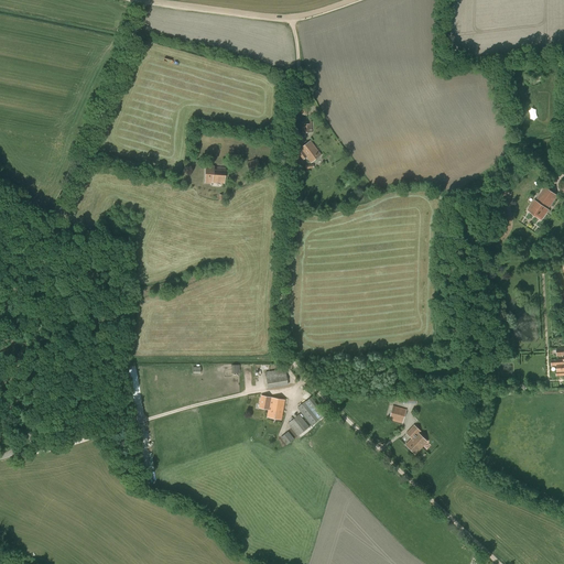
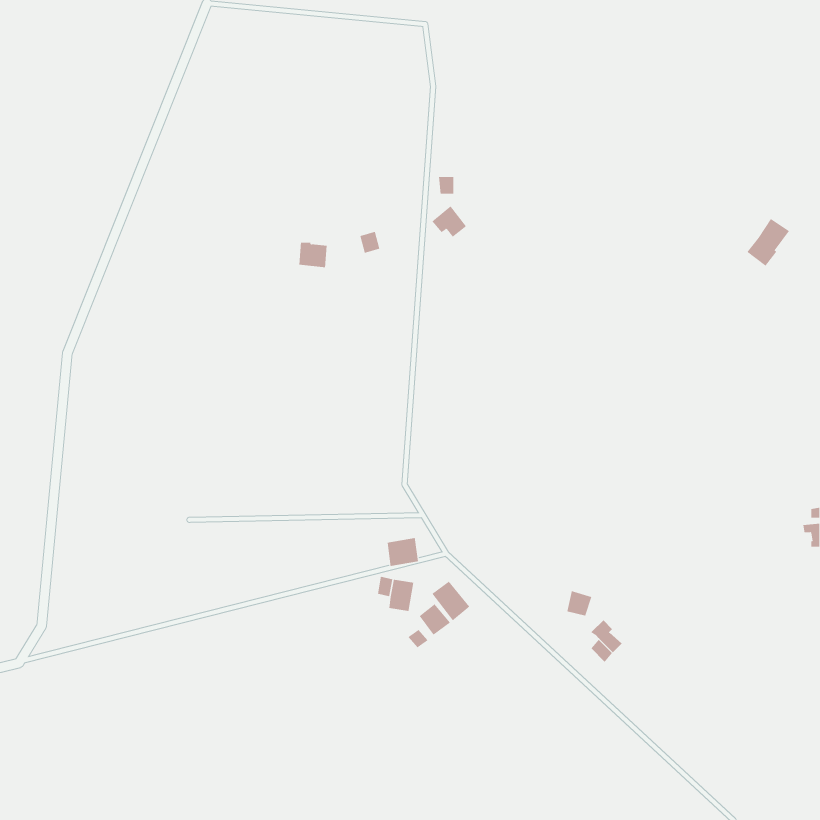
building: [528,187,557,220] -> [747,218,790,266]

